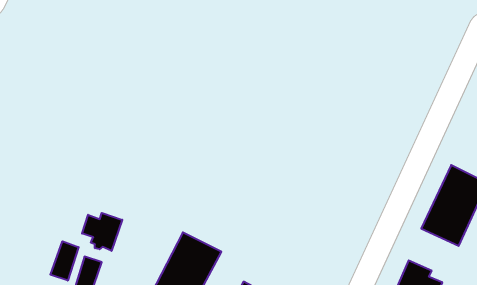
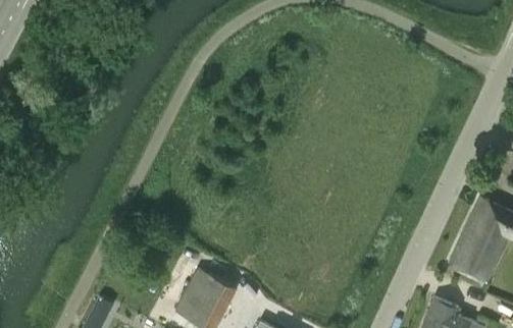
building: [82,213,122,251] -> none
building: [50,241,79,281] -> none

